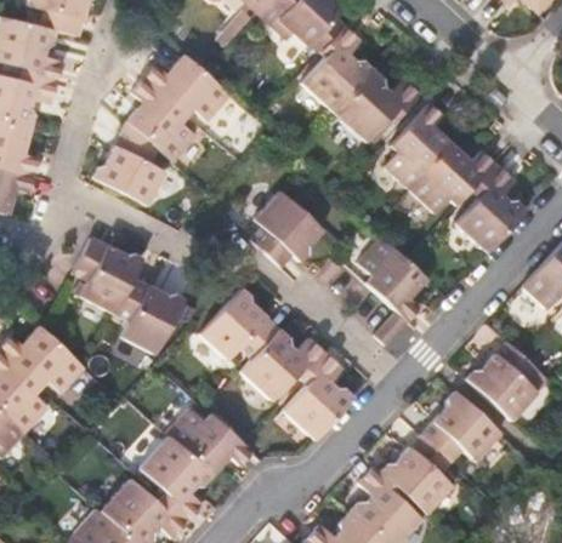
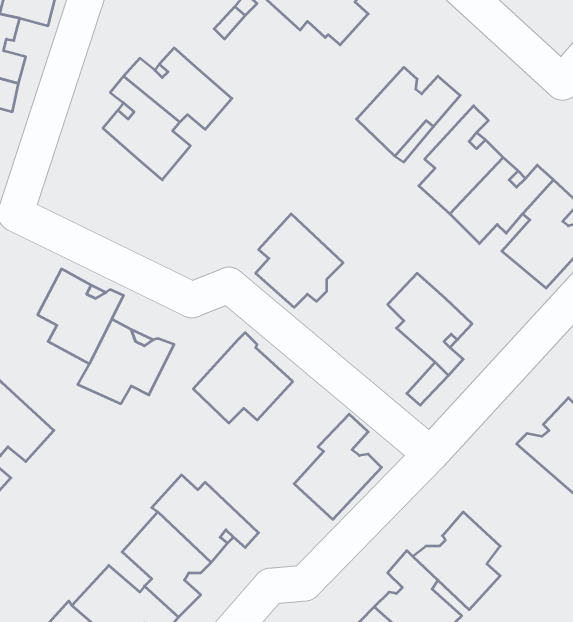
building: [302,27,373,113] -> none
building: [91,120,165,206] -> none
building: [240,327,328,401] -> none
building: [421,390,501,462] -> none

